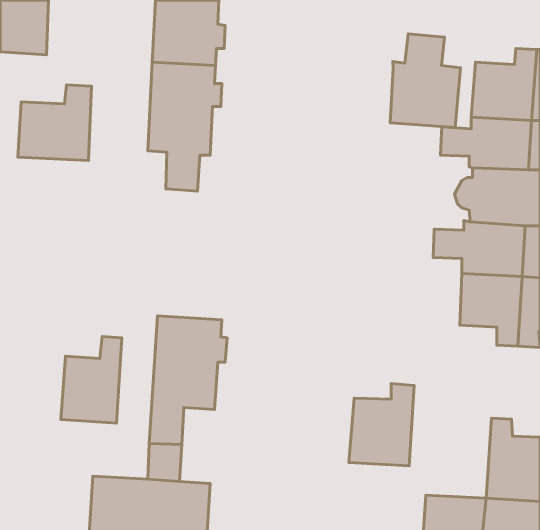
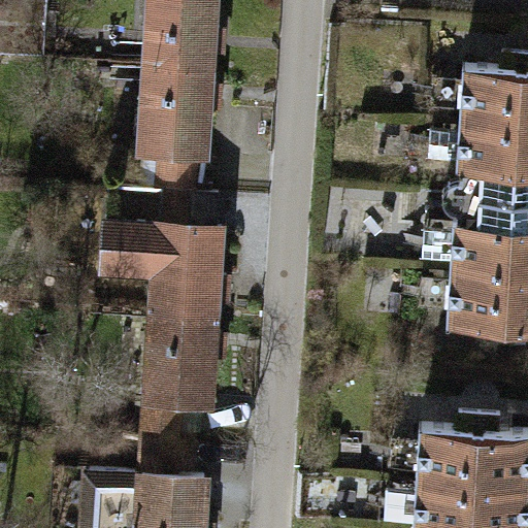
building: [390,34,460,128] -> none
building: [18,85,91,160] -> none
building: none -> [105,191,227,322]
building: [61,337,122,423] -> none
building: [349,383,414,466] -> [416,416,480,496]

